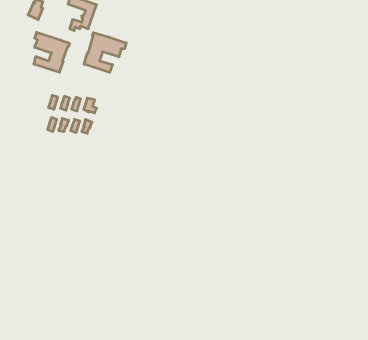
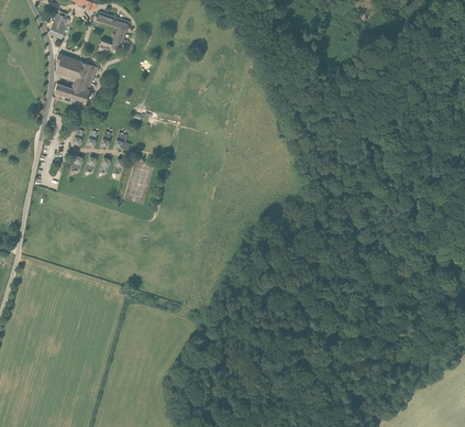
building: [84,33,126,72] -> none

